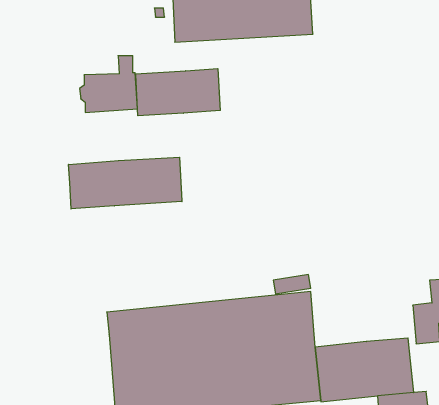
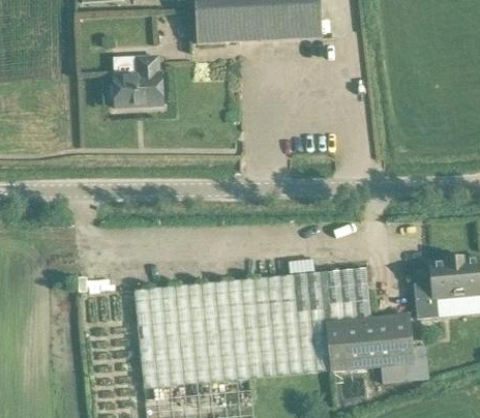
building: [136,69,220,116] -> none
building: [69,157,182,209] -> none
building: none -> [321,267,371,322]

